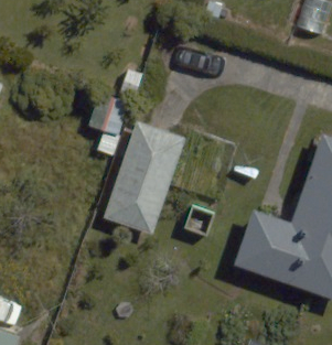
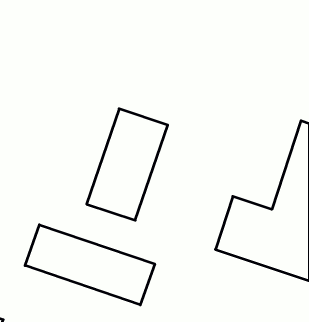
building: none -> [25,225,155,305]

